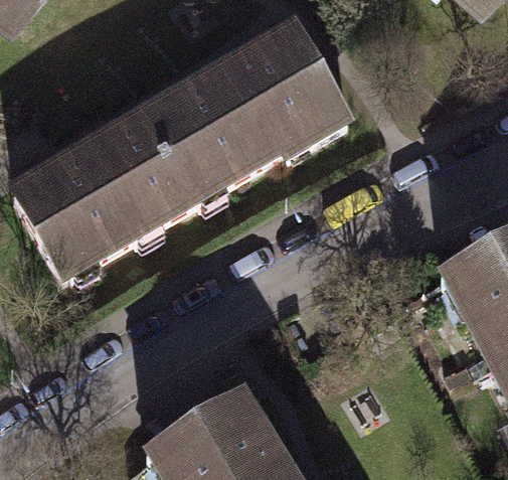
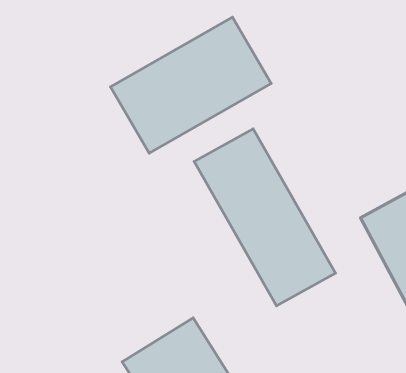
building: [10,117,188,273] -> none
building: none -> [194,129,335,306]

